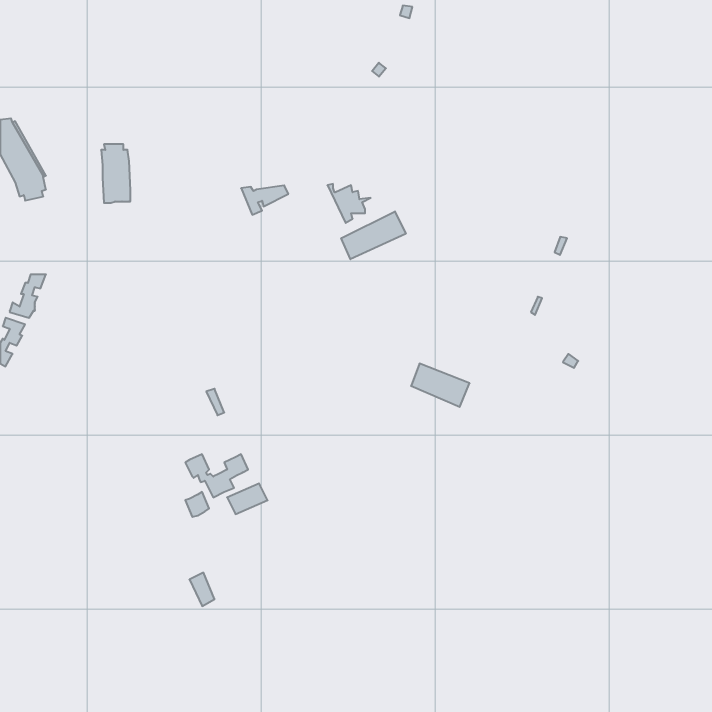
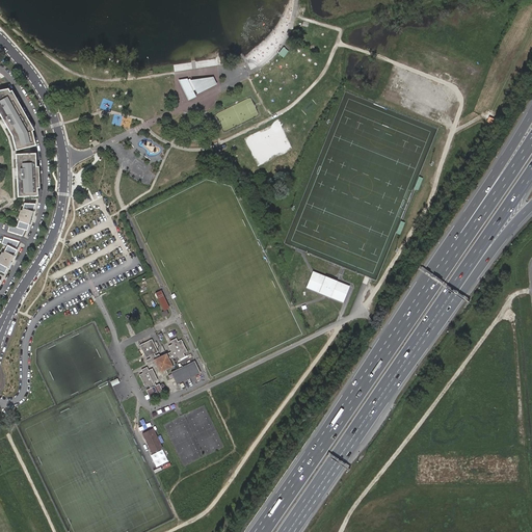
building: [101,144,130,203] -> [16,154,37,197]
building: [241,185,288,215] -> [180,78,215,100]
building: [341,211,406,259] -> none

